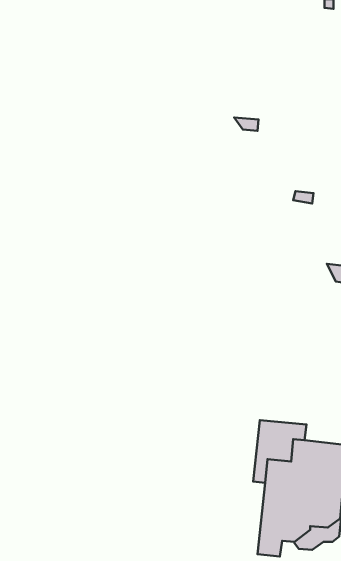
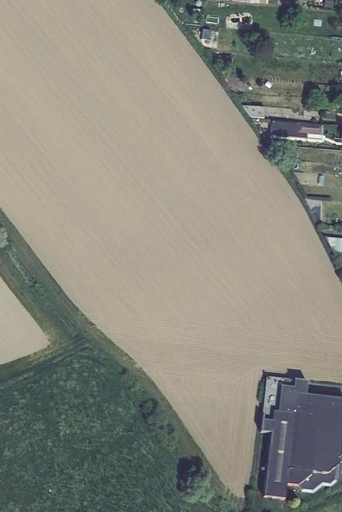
building: none -> [271,120,325,139]

